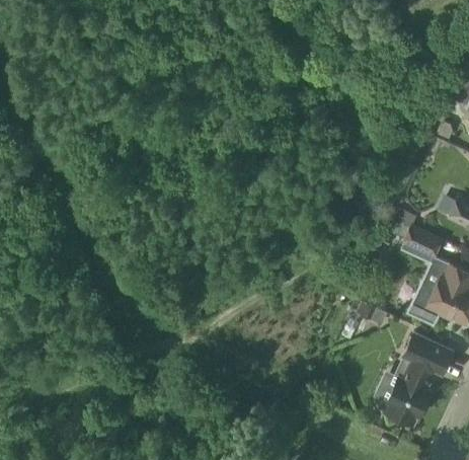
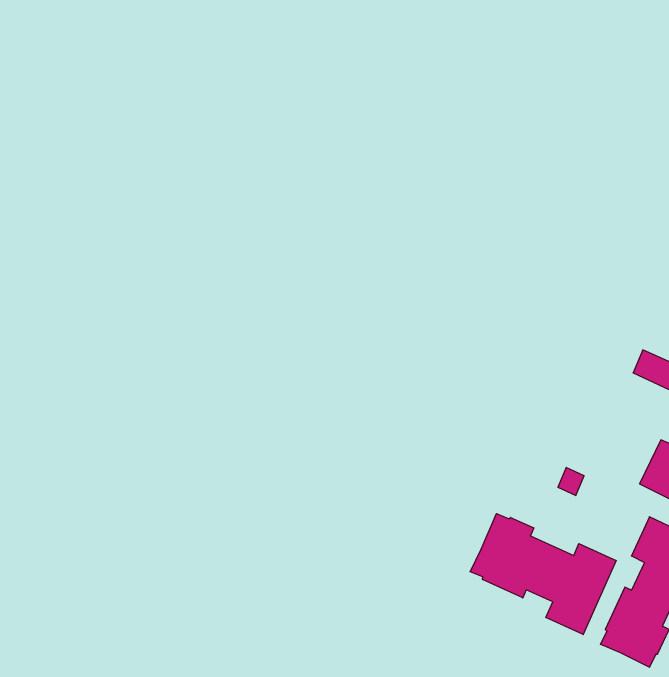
building: none -> [470,514,616,635]

